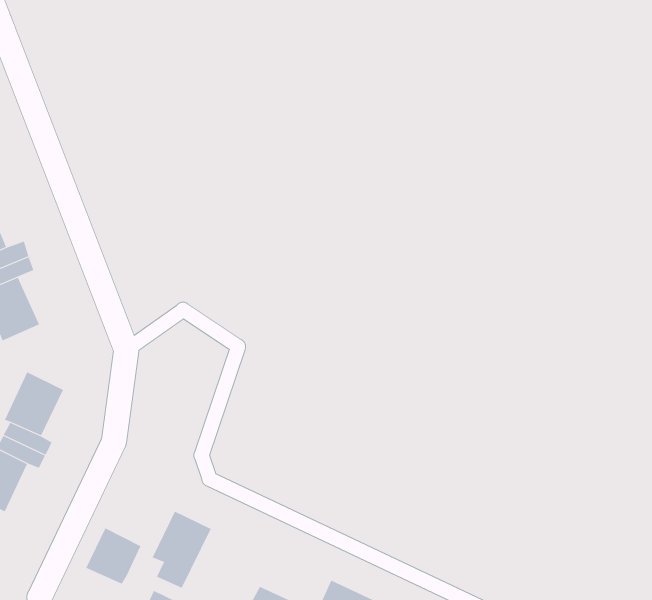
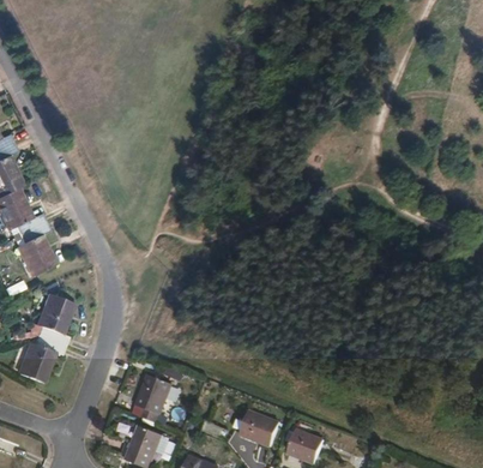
building: [85,528,141,585] -> none

